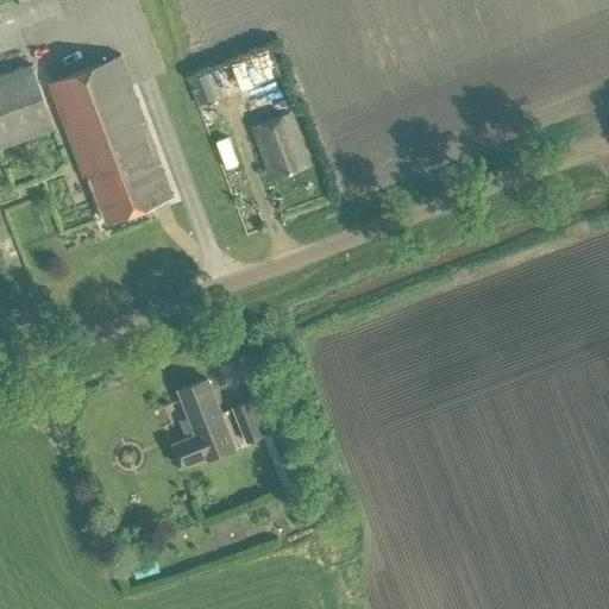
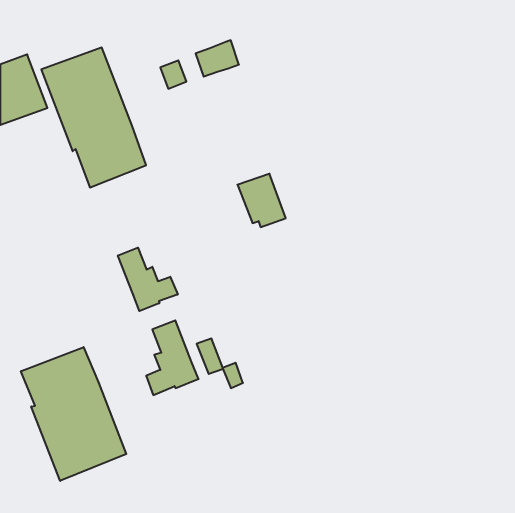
building: [252,115,309,178] -> [237,174,286,227]
building: none -> [118,248,178,311]
building: none -> [21,347,126,481]

